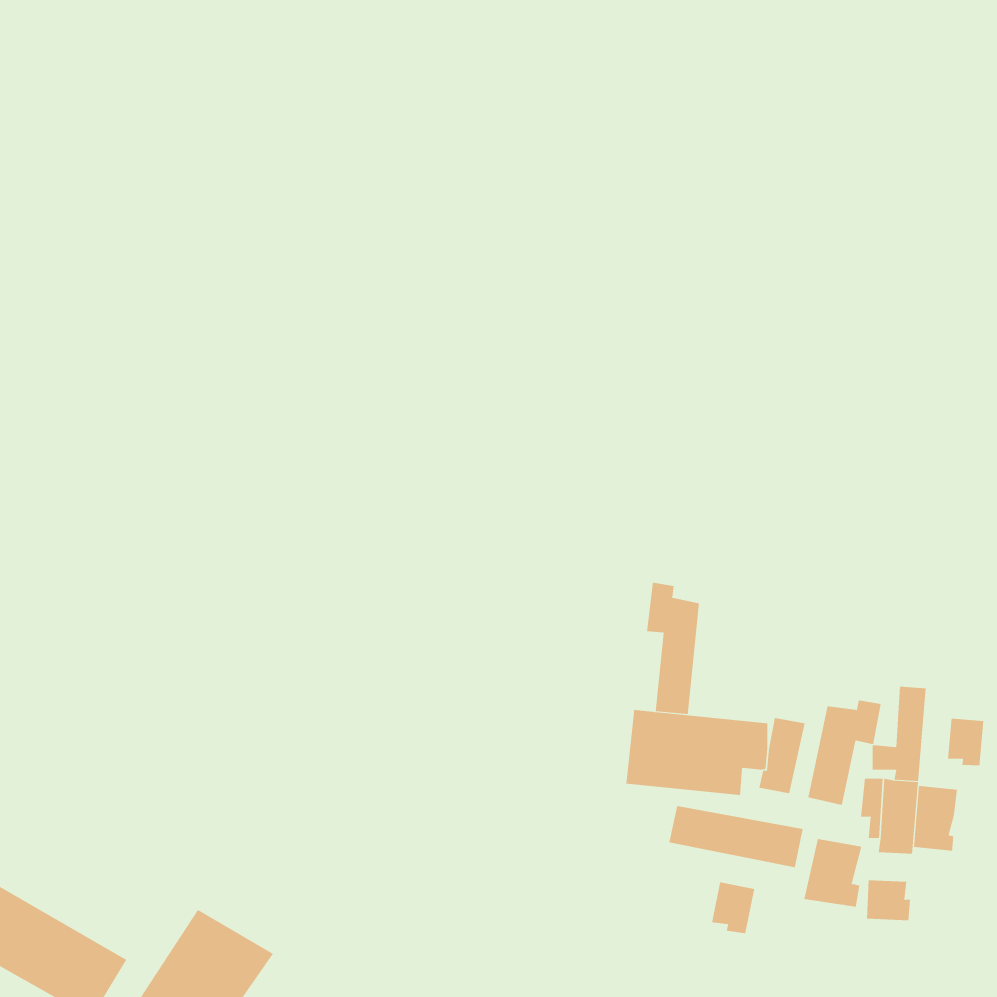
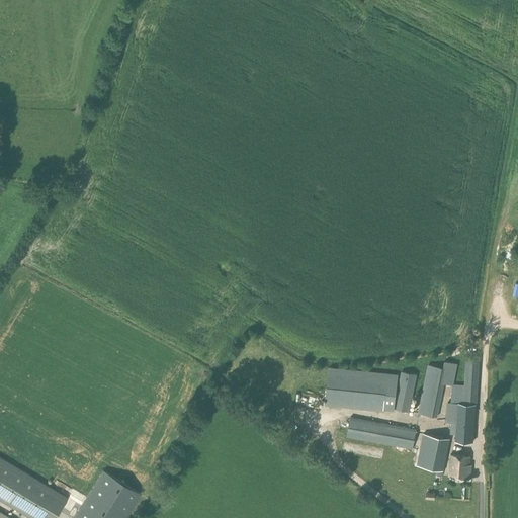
building: [647,582,699,715] -> none
building: [948,718,984,766] -> none
building: [914,785,958,851] -> none
building: [712,882,755,934] -> none

